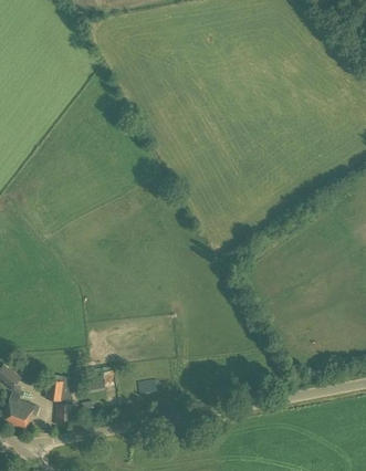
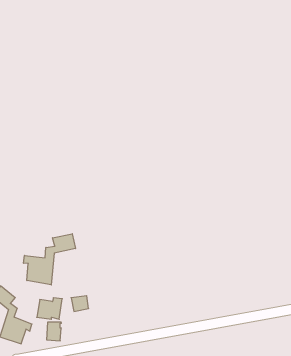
building: none -> [24,234,75,285]

